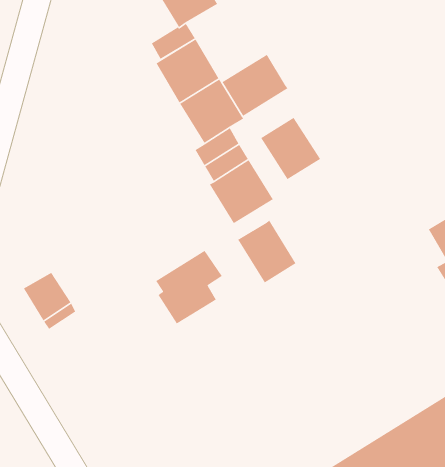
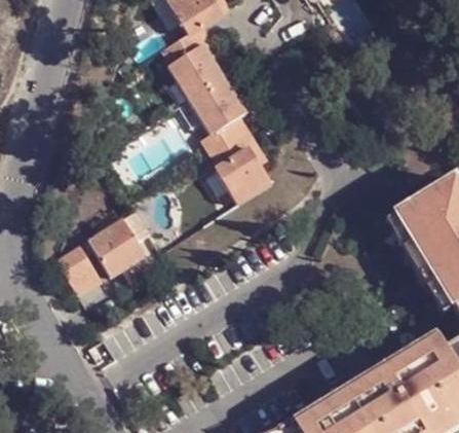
building: [221,54,289,117] -> none
building: [260,117,321,180] -> none
building: [237,220,297,283] -> none
building: [155,250,223,325] -> [88,208,147,273]

